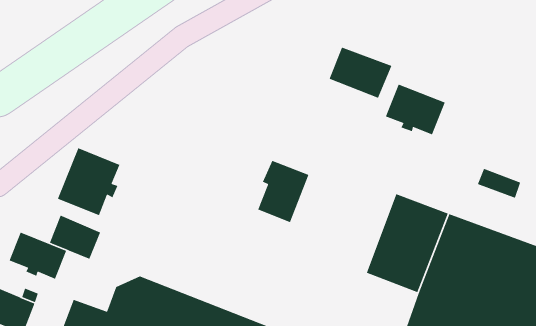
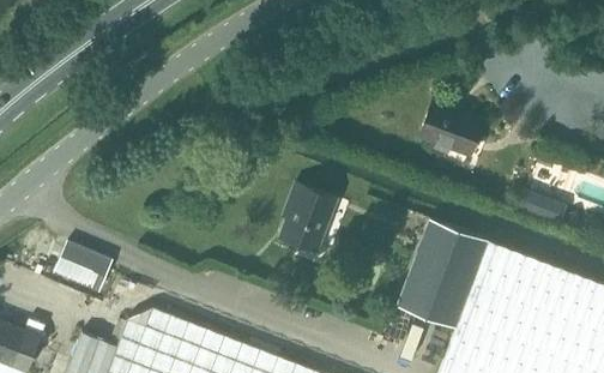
building: [329,47,393,99] -> none
building: [57,147,121,216] -> none
building: [8,232,67,280] -> none

